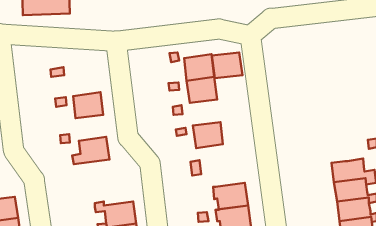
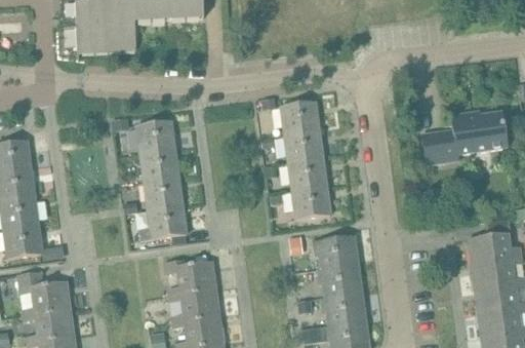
building: [212,52,243,78] -> [288,157,327,190]
building: none -> [422,110,508,163]
building: none -> [136,119,175,153]
building: none -> [144,177,183,209]
building: none -> [314,234,358,268]
building: none -> [164,259,216,292]

